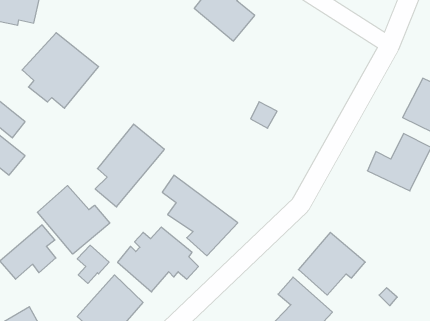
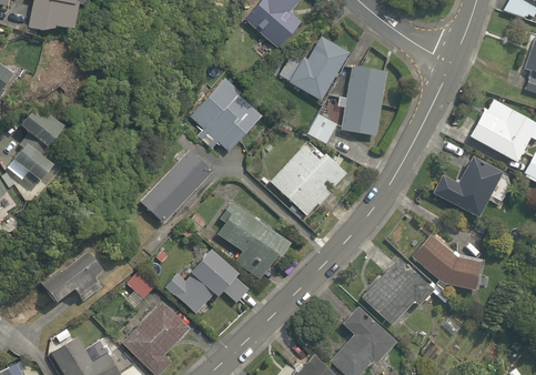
building: none -> [275,37,351,102]
building: [22,33,99,108] -> [185,79,265,158]
building: none -> [335,65,387,136]
building: none -> [262,148,344,216]
building: [37,186,110,254] -> none
building: none -> [404,231,469,286]

